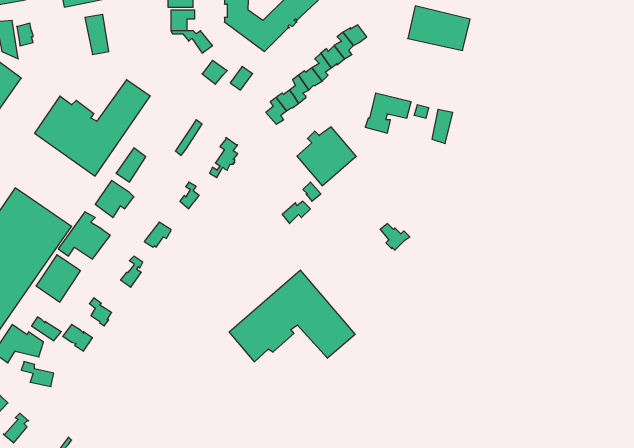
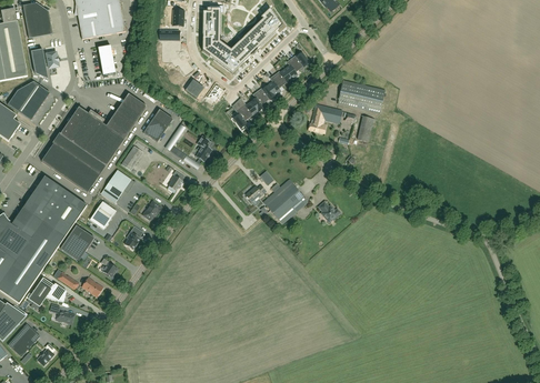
building: [408,6,470,50] -> [338,79,384,112]
building: none -> [143,109,173,141]
building: [297,127,356,186] -> [263,179,308,223]
building: none -> [42,133,106,192]
building: [229,270,355,362] -> none

